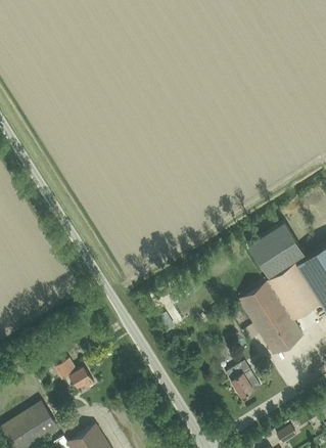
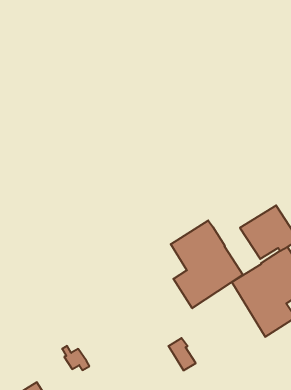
building: none -> [171,220,243,308]
building: [226,364,253,397] -> [168,338,196,370]

